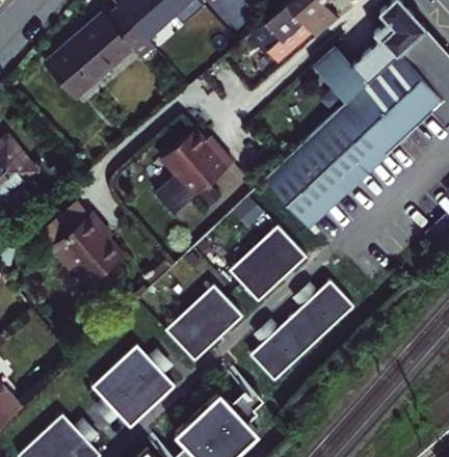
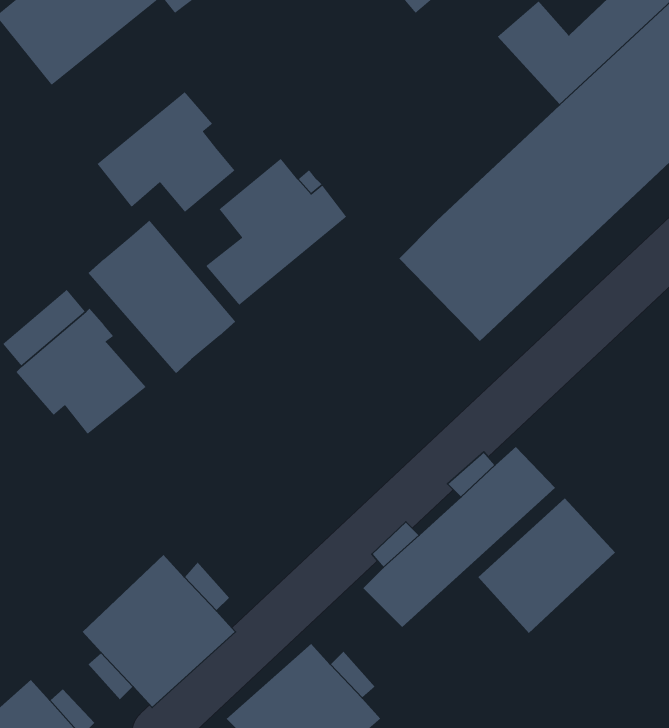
building: none -> [96,91,236,213]
building: none -> [88,219,236,374]
building: [227,232,302,306] -> [478,497,616,634]
building: [163,290,239,364] -> none

